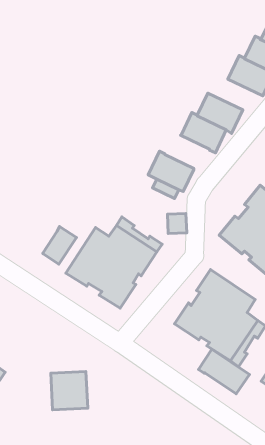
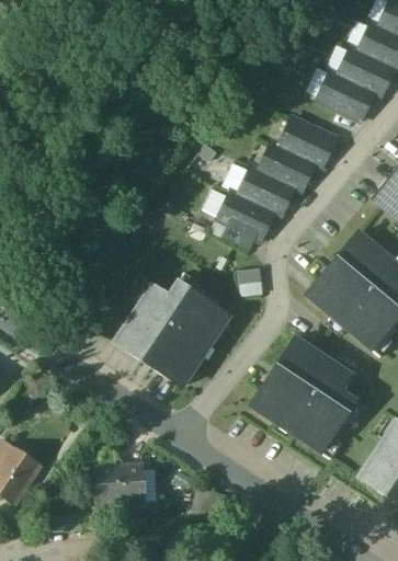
building: none -> [238,165,294,216]
building: [43,226,76,264] -> none
building: [198,349,250,394] -> none

